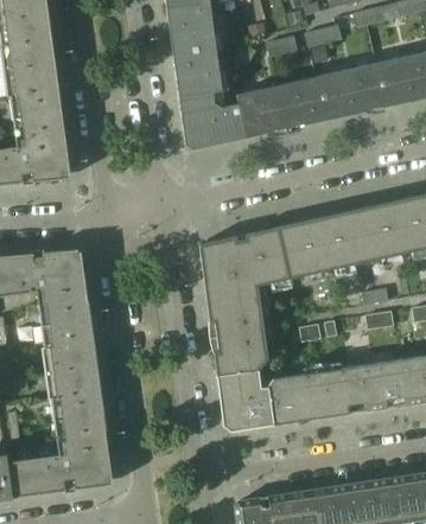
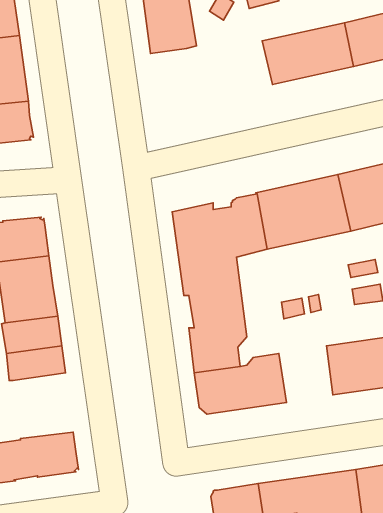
building: [180,87,293,148] -> none
building: [299,368,349,420] -> none
building: [53,392,109,453] -> none

